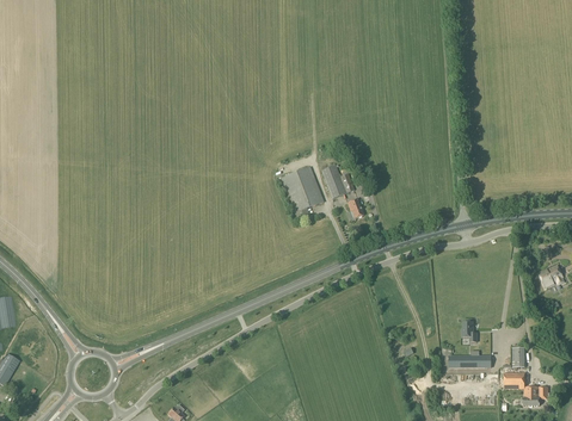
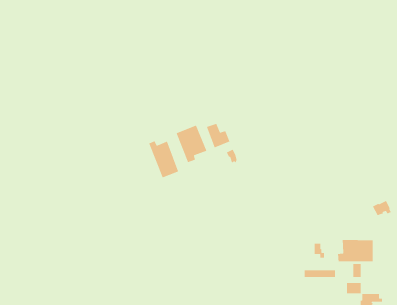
building: none -> [148,140,179,179]
building: none -> [337,239,374,262]

